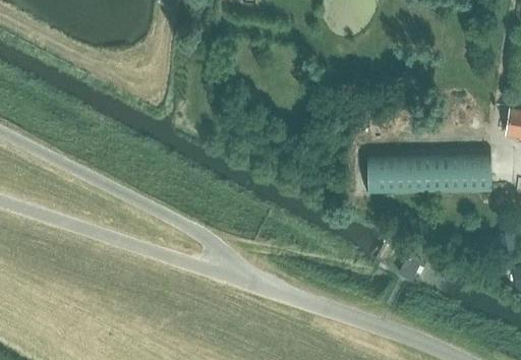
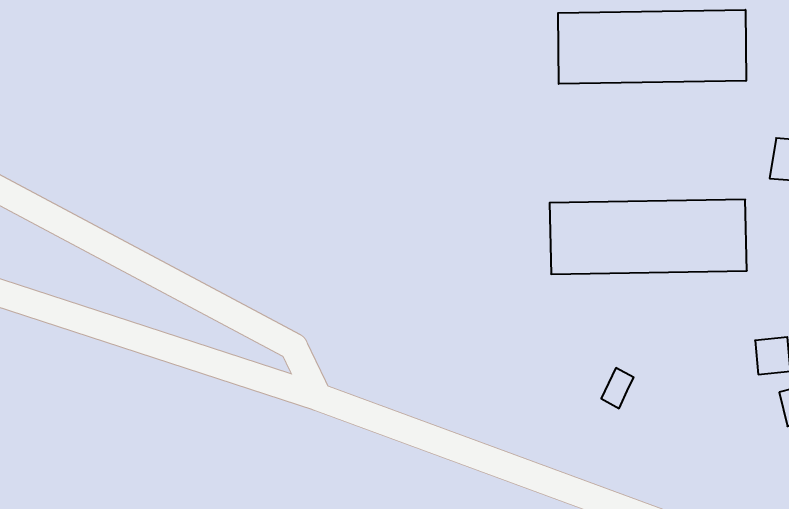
building: none -> [558,10,746,84]

